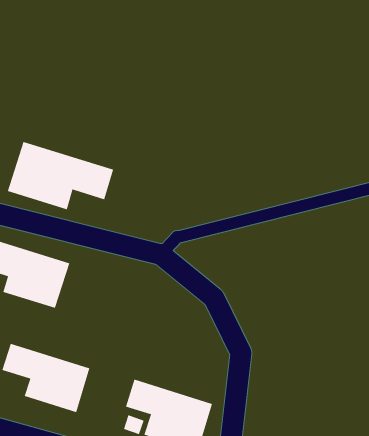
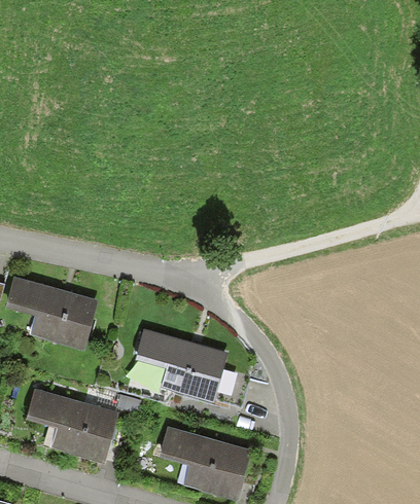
building: [7,141,114,210] -> none
building: none -> [138,328,232,402]

